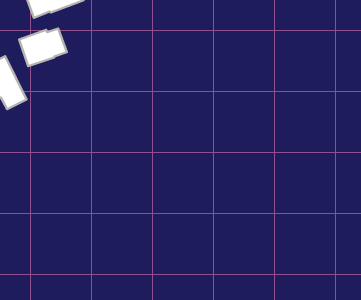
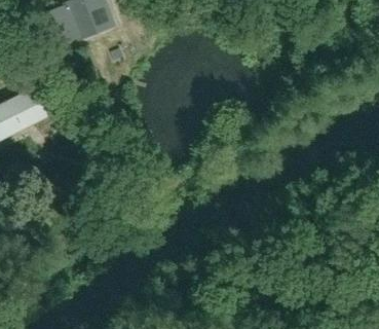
building: [19,29,67,66] -> none

